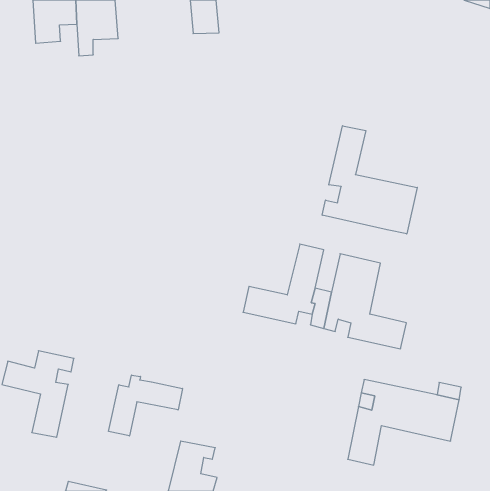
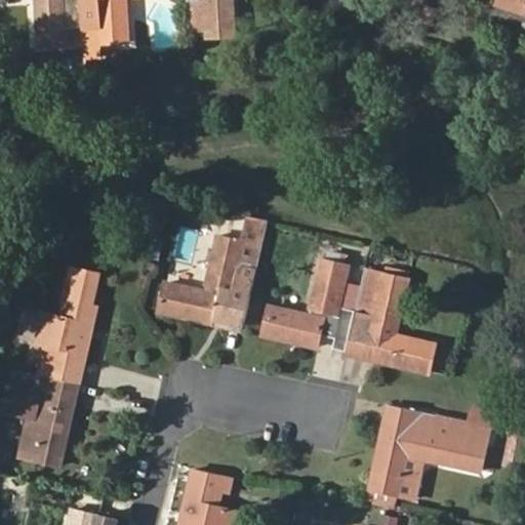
building: [322,126,417,234] -> none
building: none -> [159,215,267,328]
building: none -> [39,267,98,382]
building: [109,375,182,436] -> none

